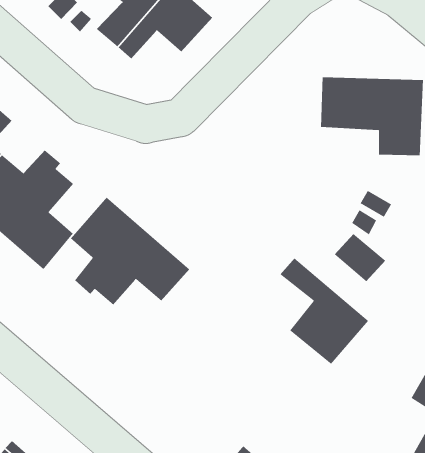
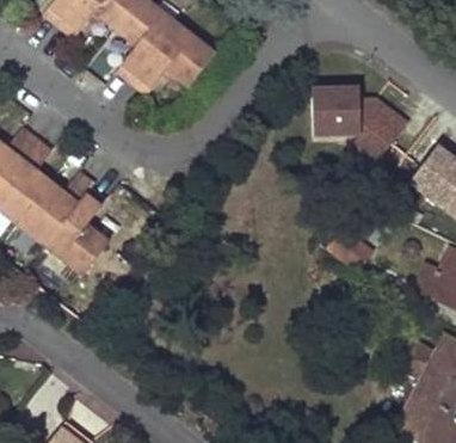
building: [70,196,190,306] -> none
building: [280,258,369,365] -> none

